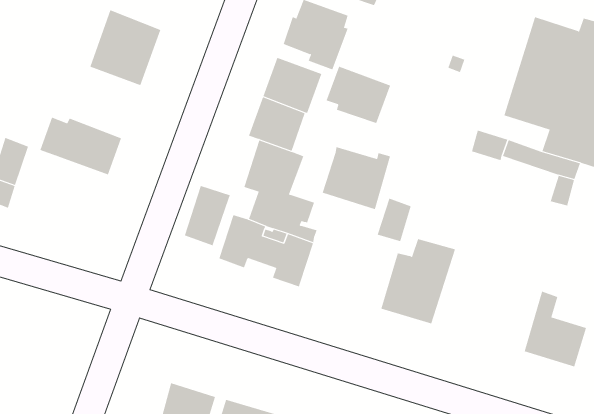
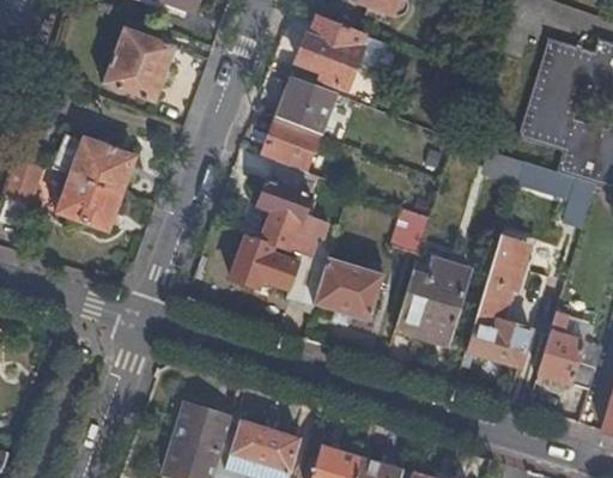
building: [326,66,391,124] -> none
building: [322,146,391,210] -> [315,256,384,320]
building: none -> [56,175,122,231]
building: [184,185,231,246] -> none
building: none -> [468,237,530,365]

